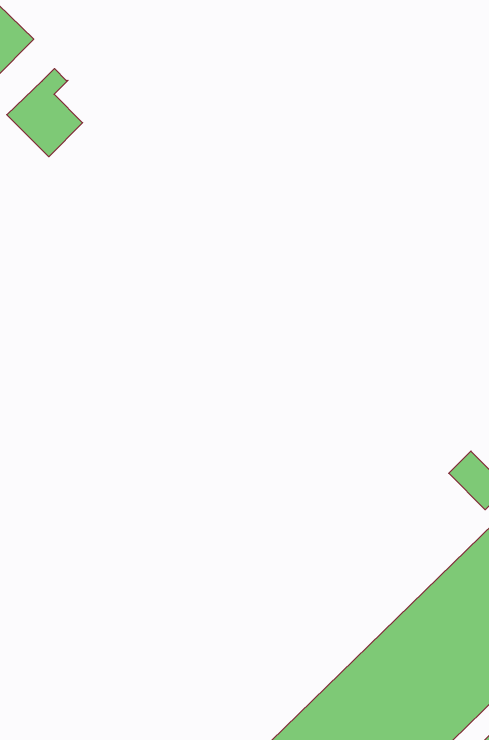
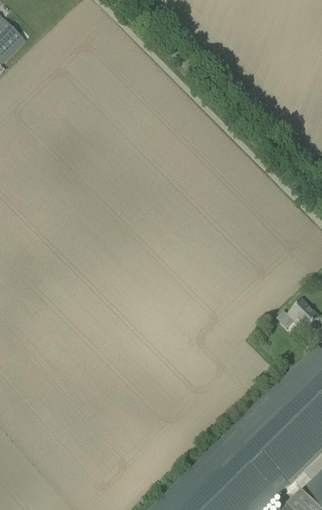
building: [7,69,83,157] -> none

